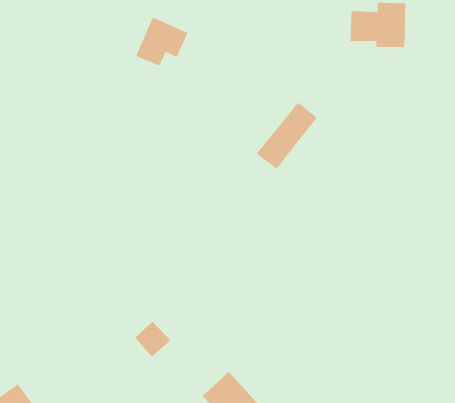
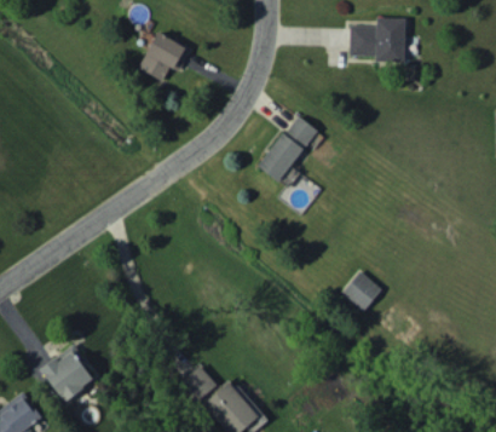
building: none -> [340,270,381,311]
building: [134,321,171,358] -> [180,364,217,401]
building: none -> [39,344,93,402]

